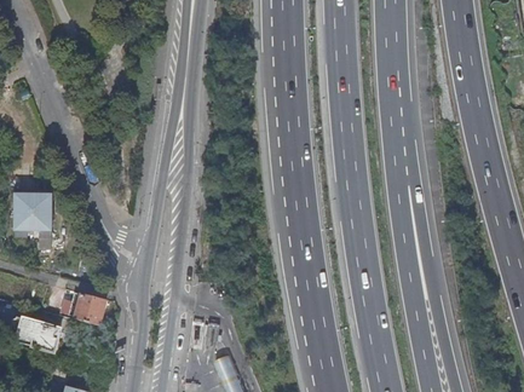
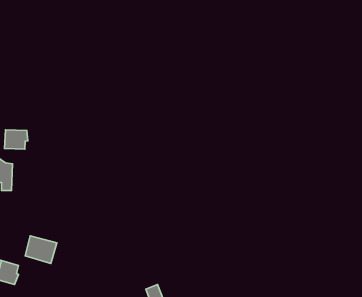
building: none -> [4,130,28,149]

